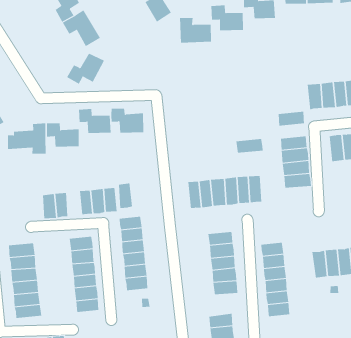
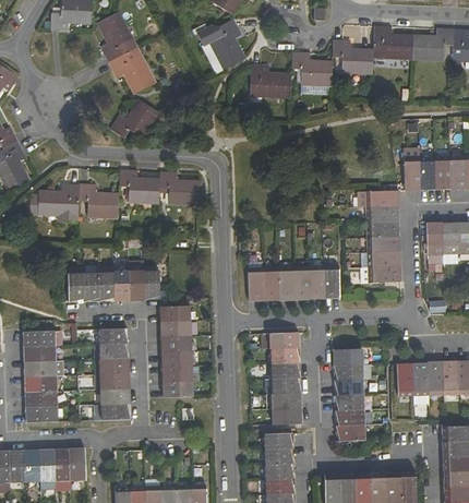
building: [235,138,264,153] -> [365,206,399,223]
building: [118,183,133,208] -> [99,271,116,301]
building: none -> [273,409,303,424]

